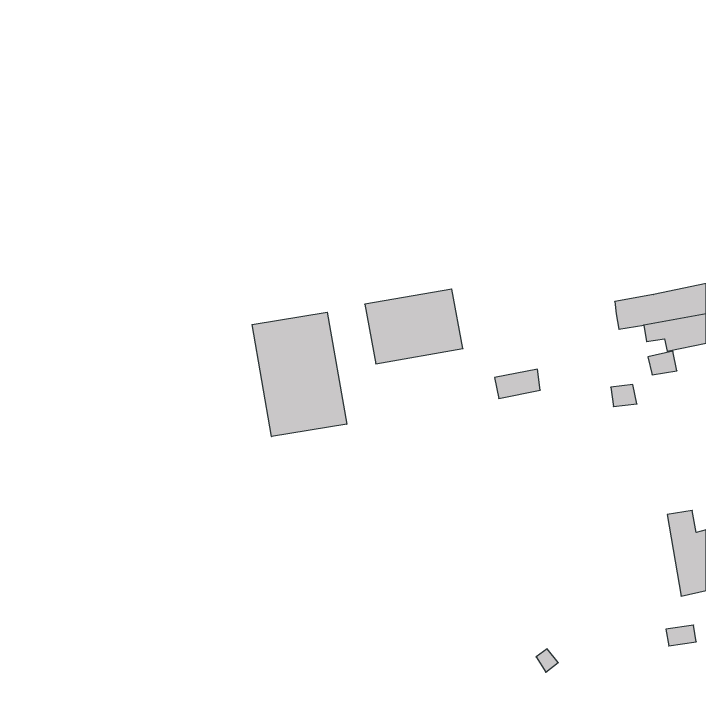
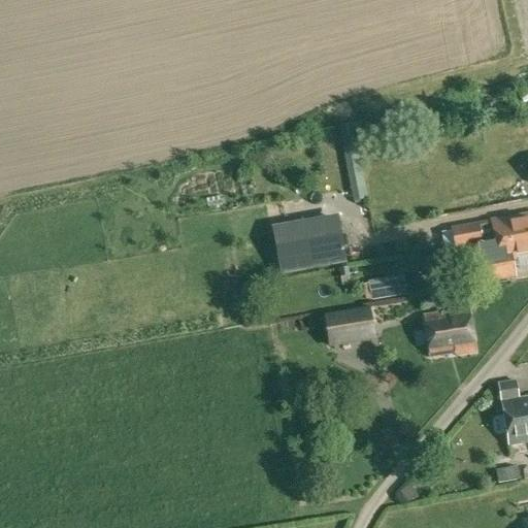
building: [252,312,347,437] -> none
building: none -> [425,307,475,357]
building: none -> [327,308,373,343]

